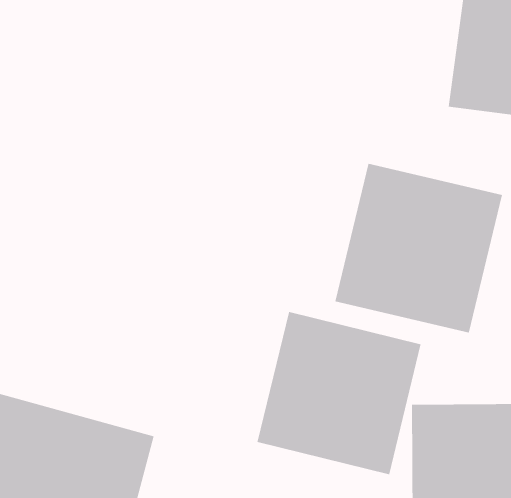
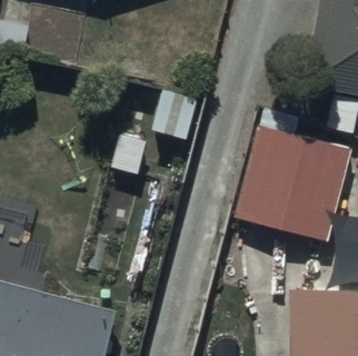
building: [257,311,421,475] -> none

